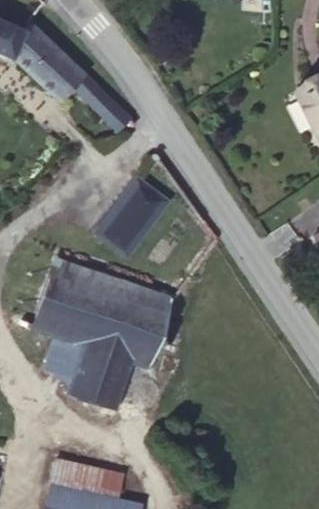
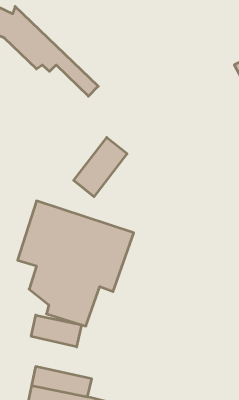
building: none -> [31,315,81,347]

